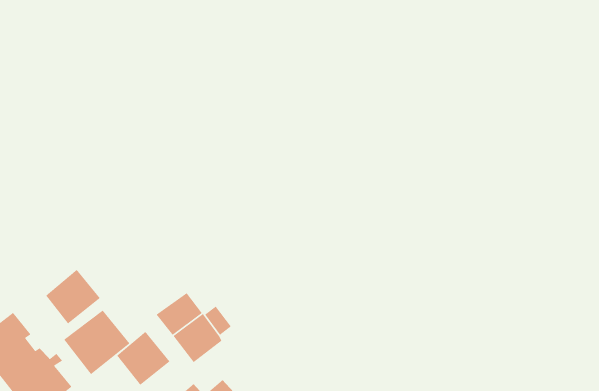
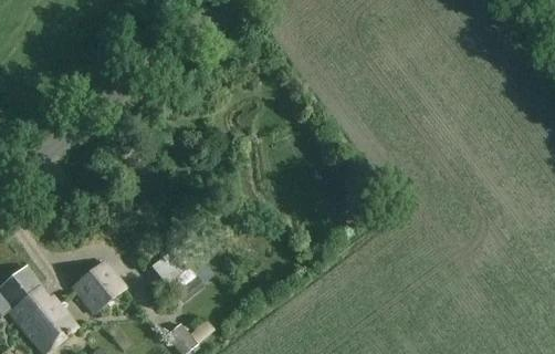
building: [45,269,101,324] -> none
building: [116,331,170,386] -> none

